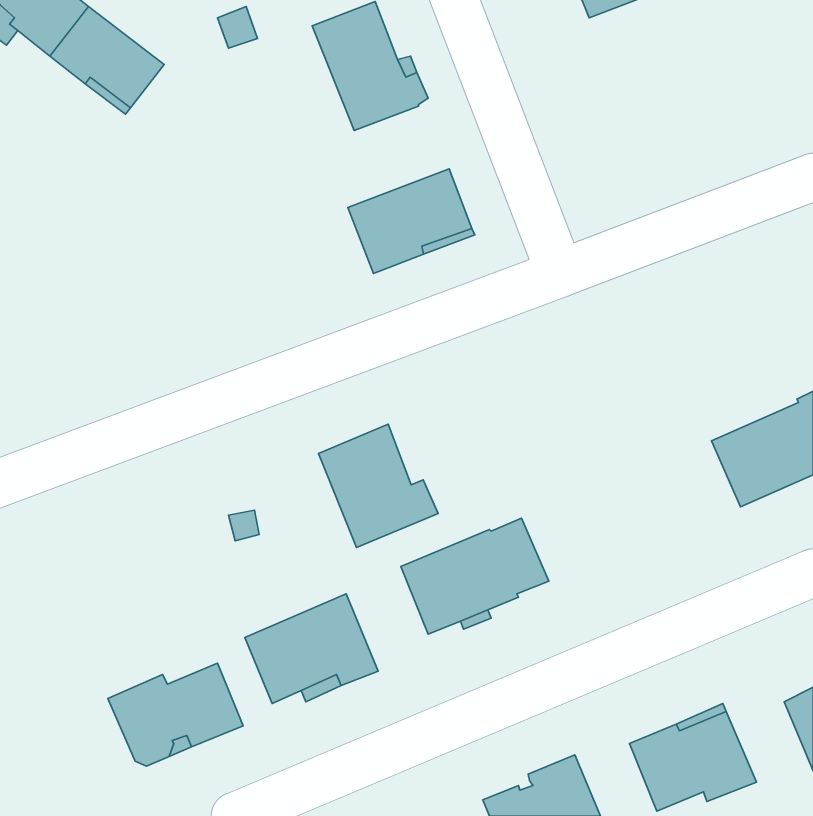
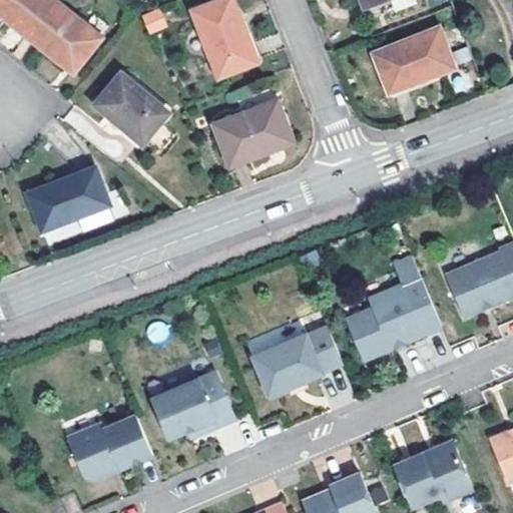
building: none -> [368,33,458,101]
building: none -> [100,79,173,151]
building: none -> [31,174,111,236]
building: [318,424,438,547] -> none
building: none -> [343,276,439,359]

